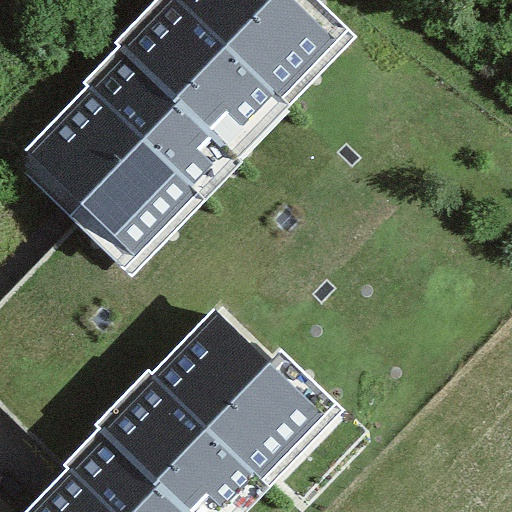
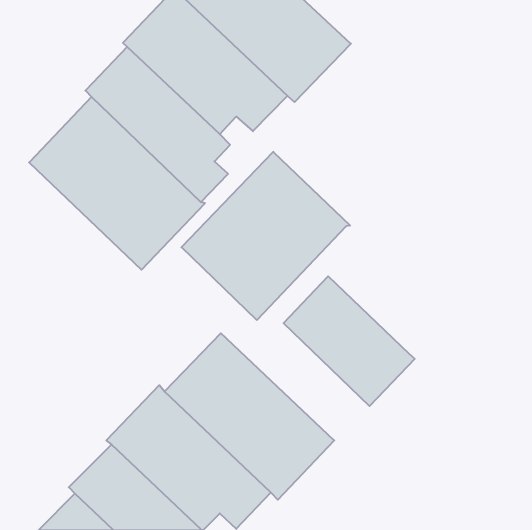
building: none -> [181,152,350,320]
building: none -> [284,276,415,406]

